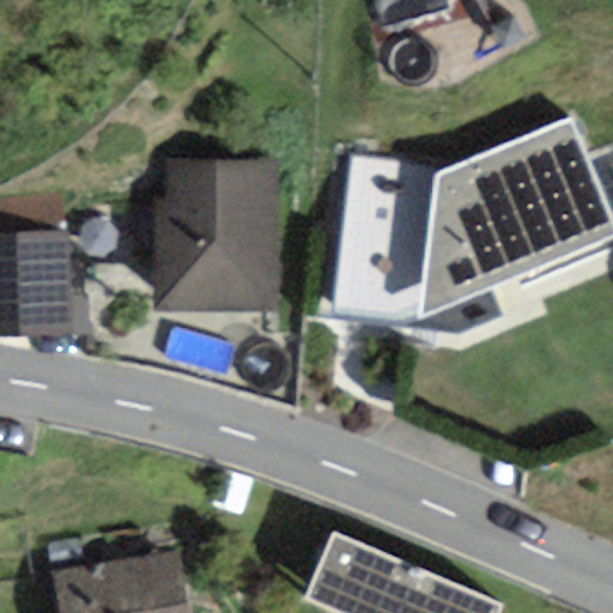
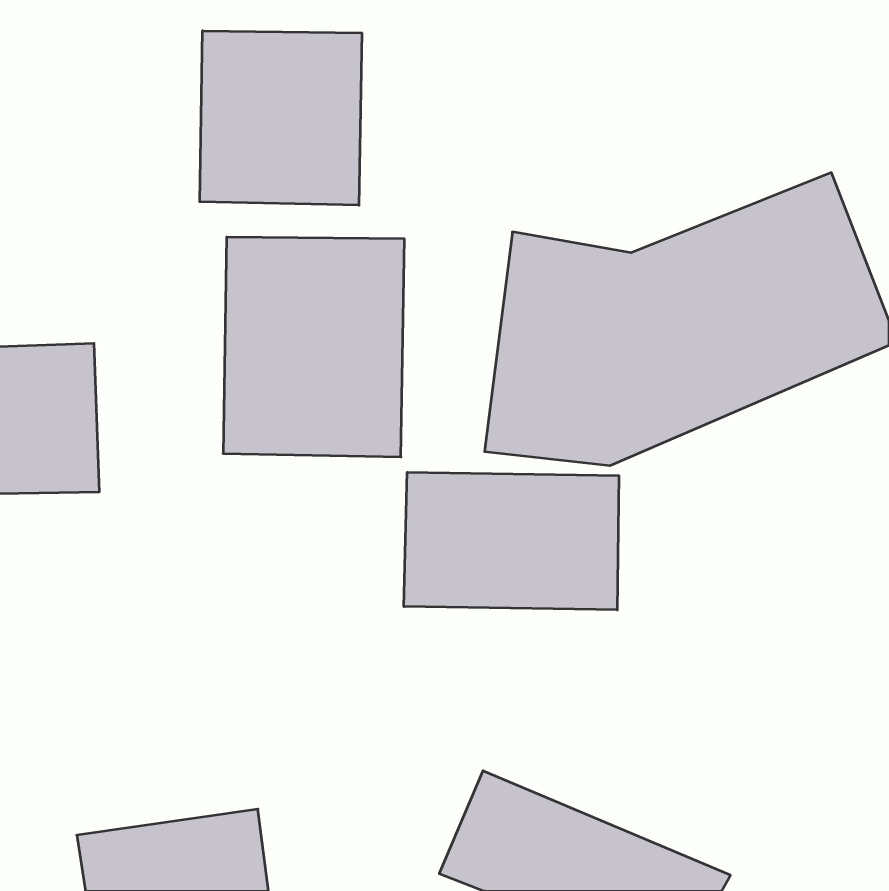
building: none -> [200,31,362,205]
building: none -> [404,472,619,610]

